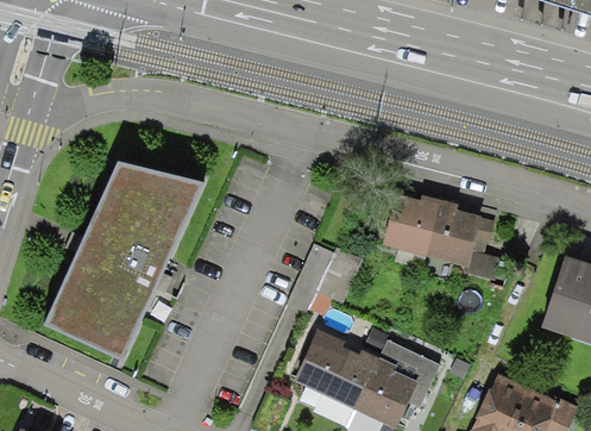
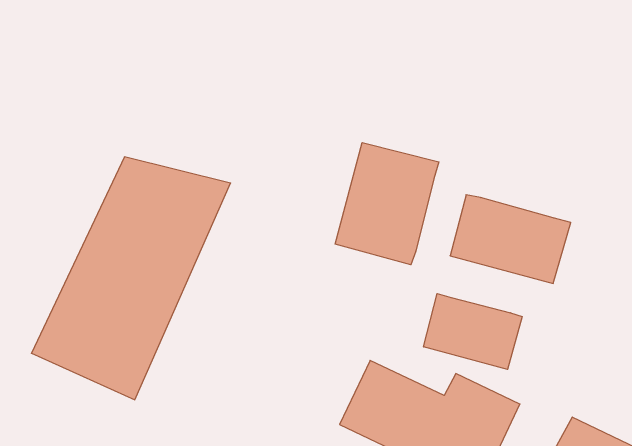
building: none -> [335,143,439,265]
building: none -> [424,294,522,369]

